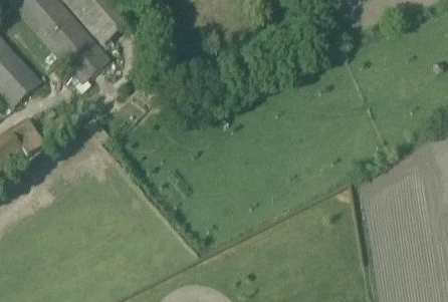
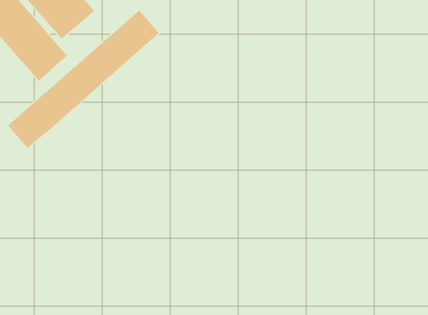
building: none -> [7,10,160,149]

